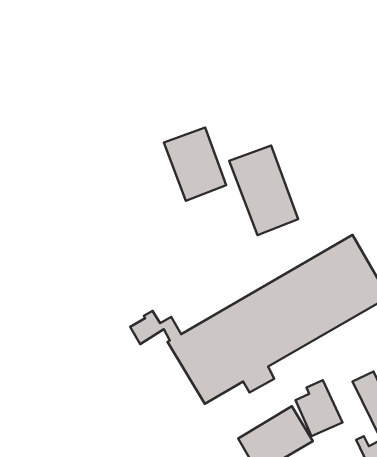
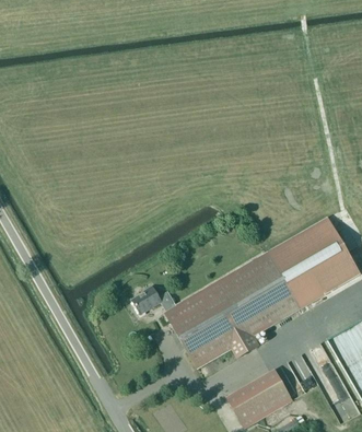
building: [164,127,226,201] -> none
building: [229,146,298,235] -> none

